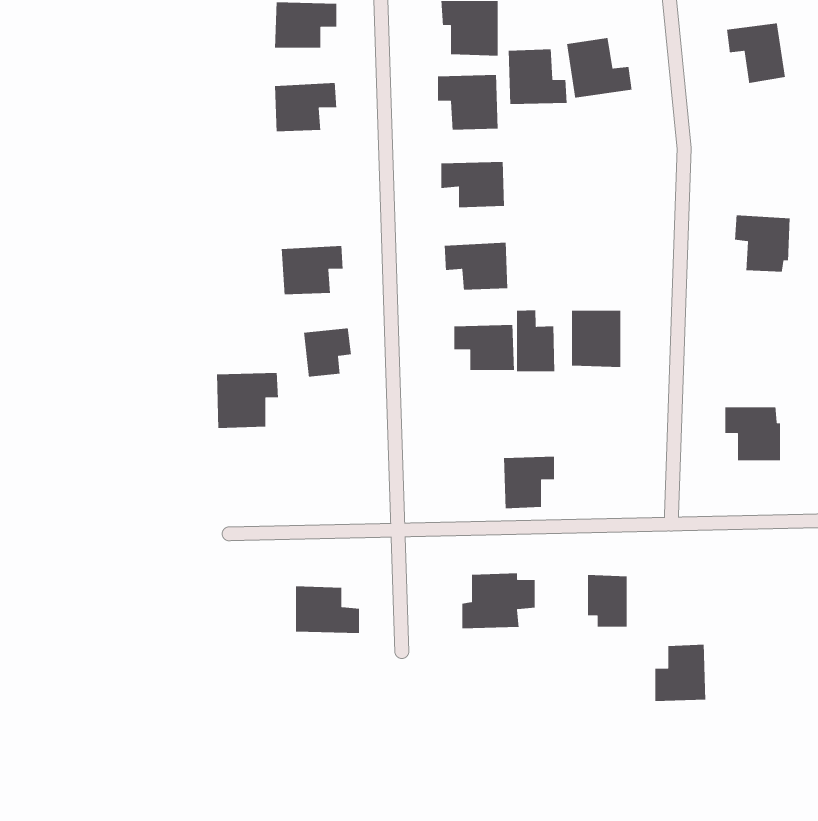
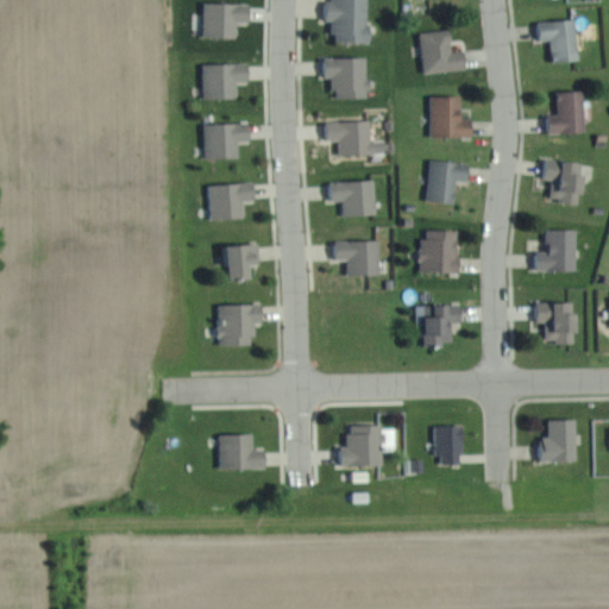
building: [508,49,568,105] -> [428,96,472,138]
building: none -> [546,92,584,134]
building: none -> [203,123,250,159]
building: none -> [425,161,469,205]
building: [516,310,555,372] -> none
building: none -> [534,231,576,271]
building: [216,372,279,429] -> [215,304,262,346]
building: [503,456,555,509] -> [422,306,460,345]
building: [655,644,706,702] -> [538,420,576,463]

